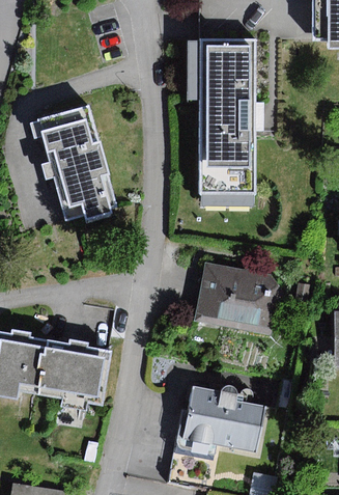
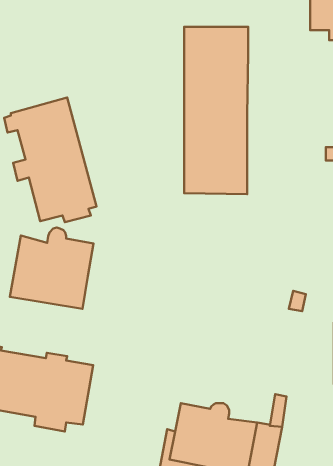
building: none -> [10,227,93,309]
building: [190,259,282,336] -> none

